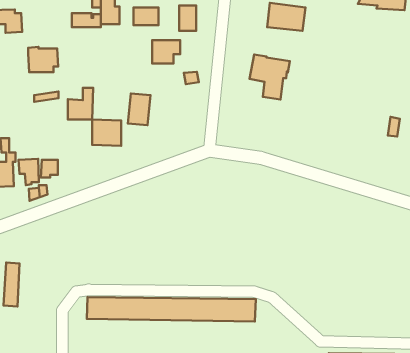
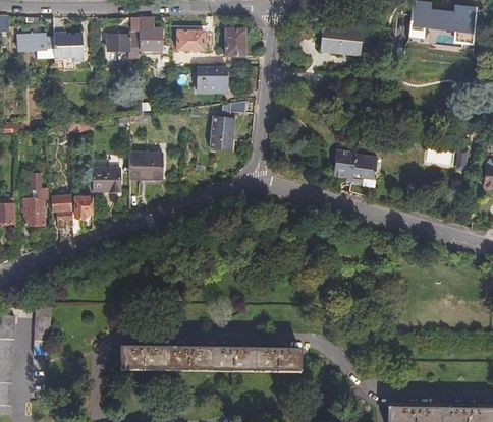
building: [28,47,58,72] -> [53,29,86,57]
building: [250,55,290,100] -> [333,148,377,197]
building: [68,88,93,120] -> [93,162,120,196]
building: [128,93,150,125] -> [210,116,234,150]

